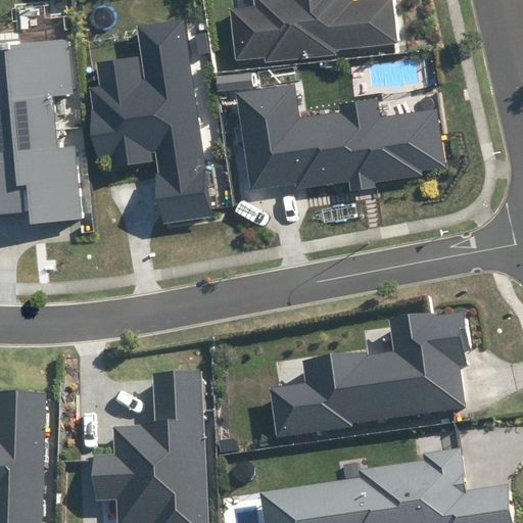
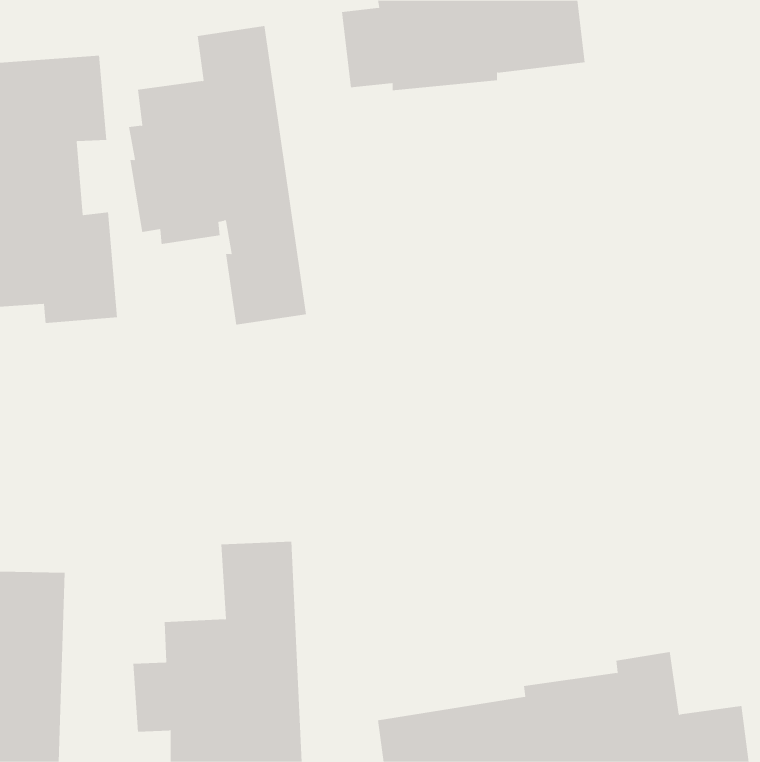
building: [233,82,444,191] -> none
building: [269,312,468,437] -> none

